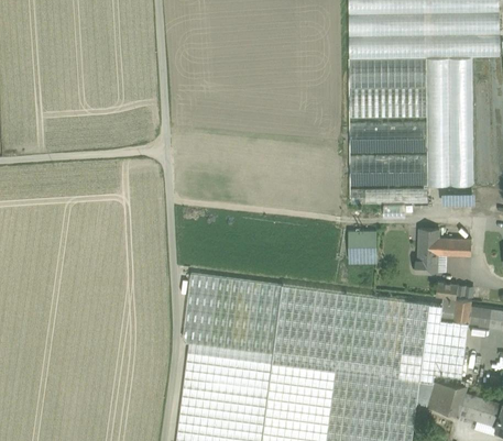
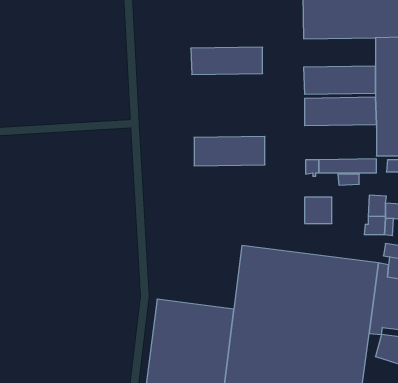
building: [349,58,427,88] -> [191,47,263,74]
building: [351,156,428,188] -> [194,136,265,166]
building: [183,274,282,354] -> none

